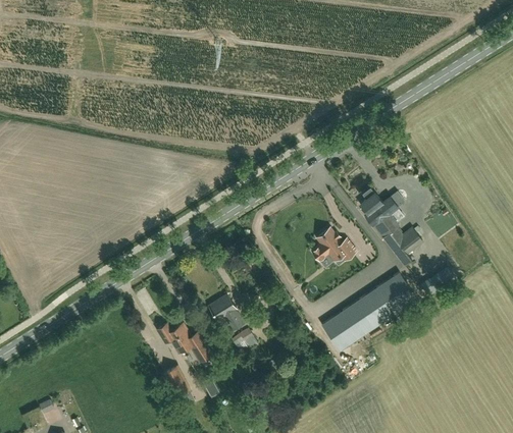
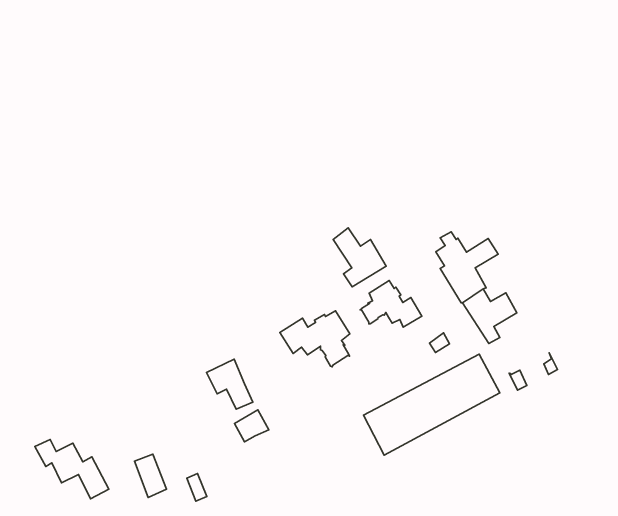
building: none -> [333,228,386,287]
building: none -> [280,311,350,367]
building: [157,323,212,362] -> [35,439,109,499]

